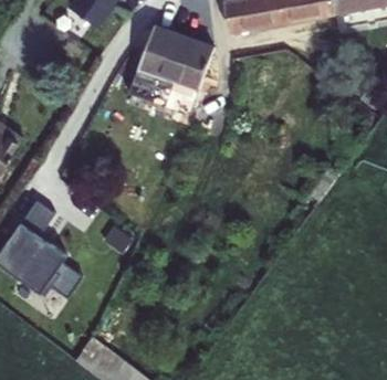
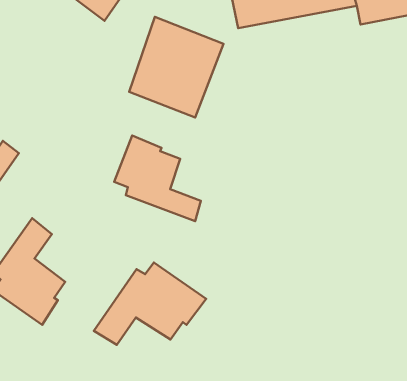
building: none -> [114,135,201,221]
building: none -> [94,262,206,345]

